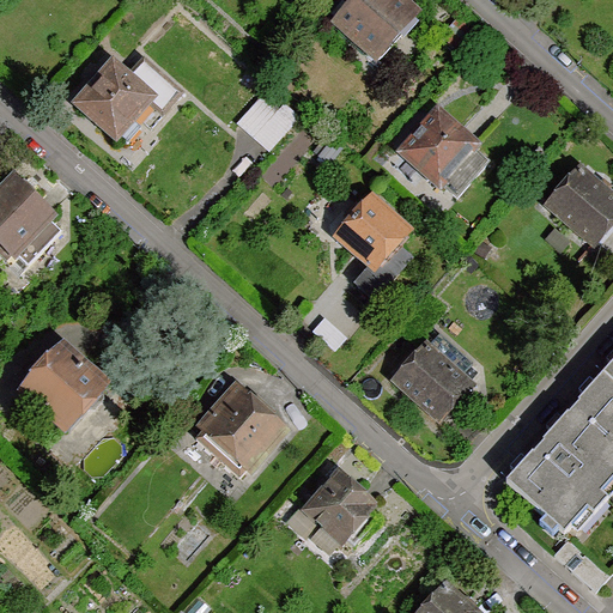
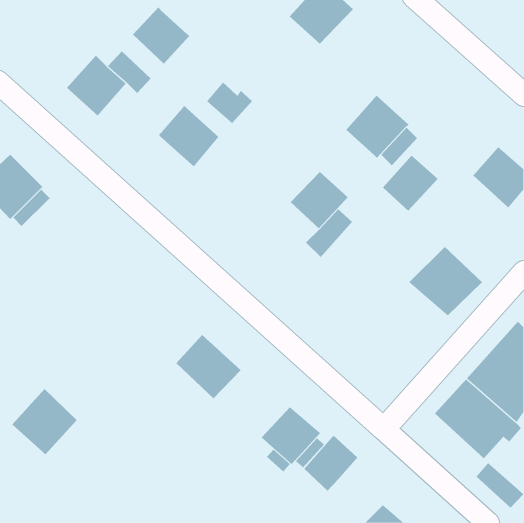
building: none -> [132,7,191,65]
building: none -> [158,105,219,167]
building: none -> [382,155,438,211]
building: [395,335,481,417] -> [409,246,483,316]
building: [24,346,101,424] -> [11,388,77,455]
building: none -> [304,435,358,492]

